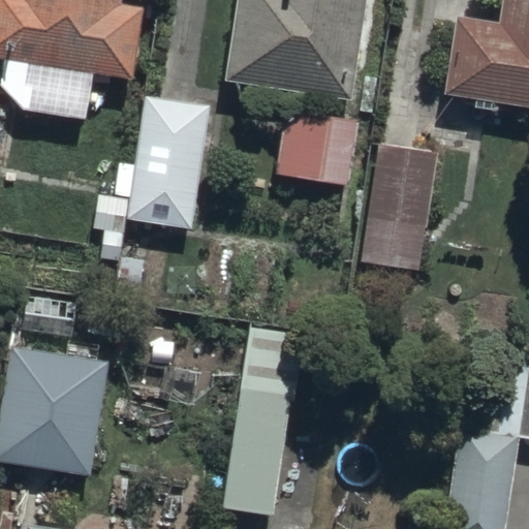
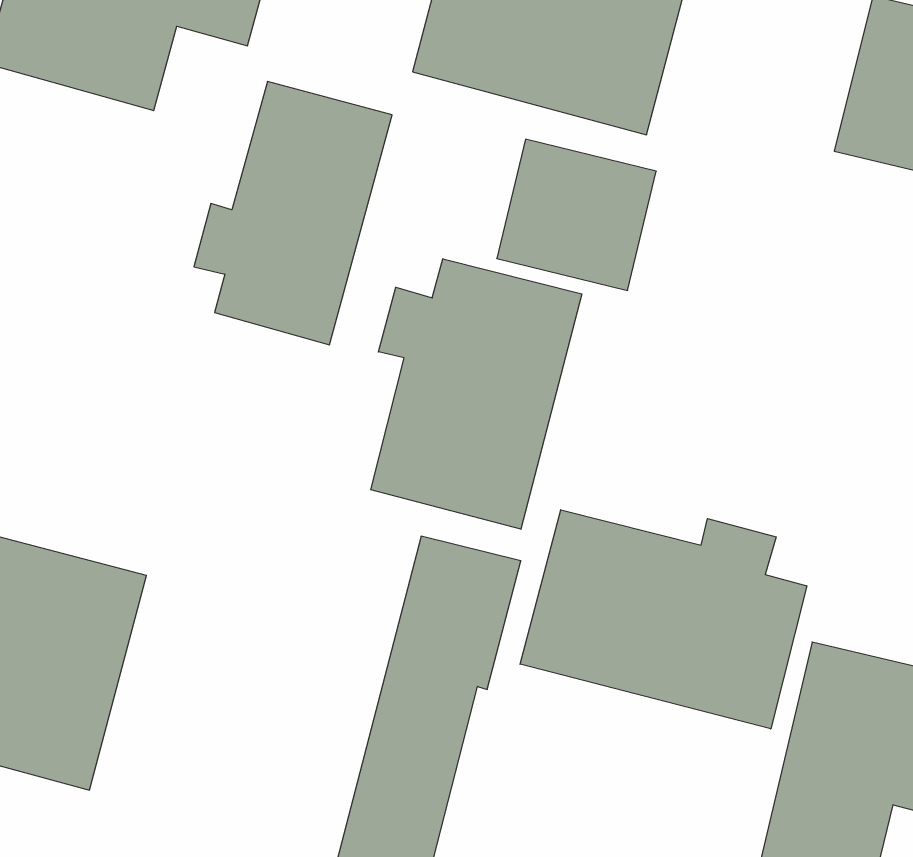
building: [356,143,433,272] -> none
building: none -> [371,259,582,529]
building: none -> [520,510,807,729]

